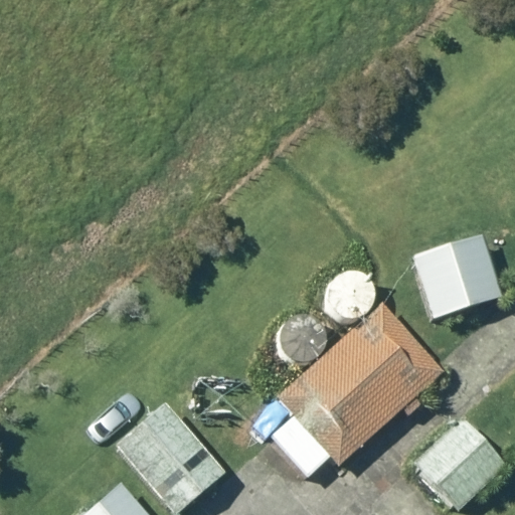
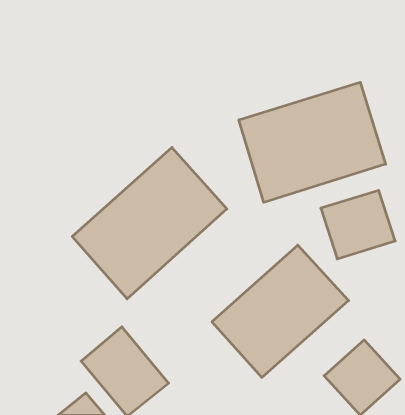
building: none -> [239,82,386,202]
building: none -> [72,147,227,299]

